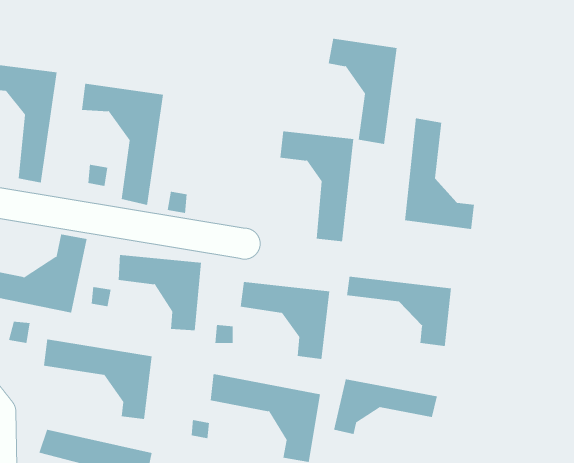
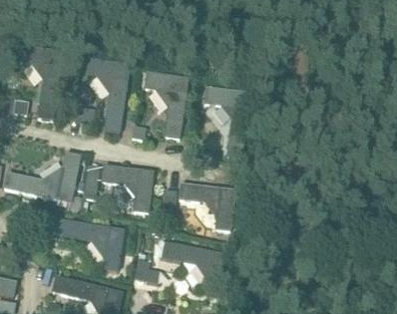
building: [328,38,398,144] -> [143,71,187,138]
building: [404,117,475,230] -> none
building: [346,276,451,347] -> none
building: [333,378,438,435] -> none

